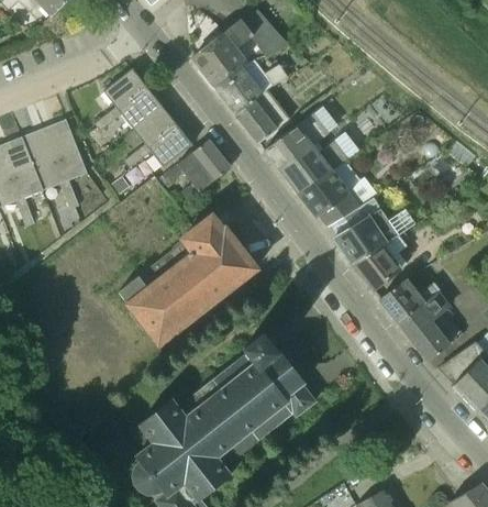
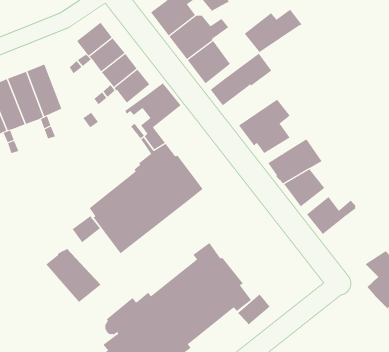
building: [279,140,350,192] -> [244,9,302,53]
building: [399,291,463,361] -> none
building: none -> [72,215,101,243]
building: none -> [45,248,101,303]
building: none -> [237,293,271,326]

